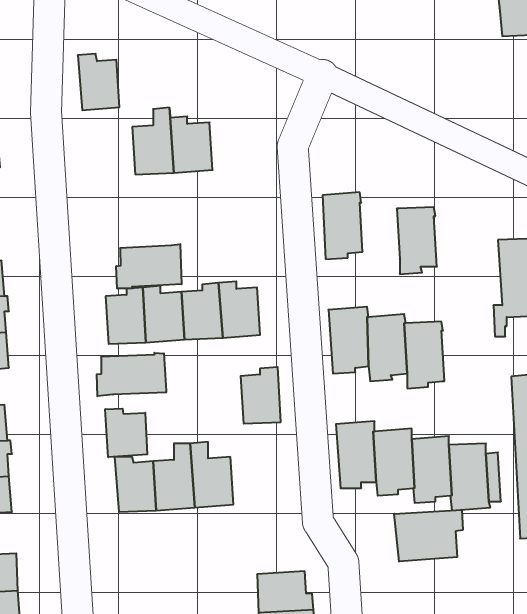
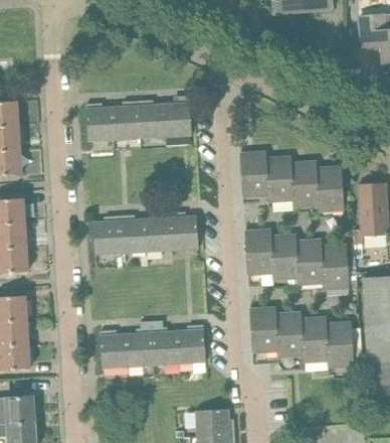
building: [78,54,119,110] -> [85,104,114,142]
building: none -> [164,97,191,137]
building: none -> [265,157,292,202]
building: none -> [316,167,344,212]
building: [116,244,182,289] -> none
building: none -> [321,245,349,290]
building: [97,353,166,396] -> none
building: [241,367,281,424] -> [178,325,205,363]
building: [105,409,147,457] -> none
building: [394,510,463,562] -> none

